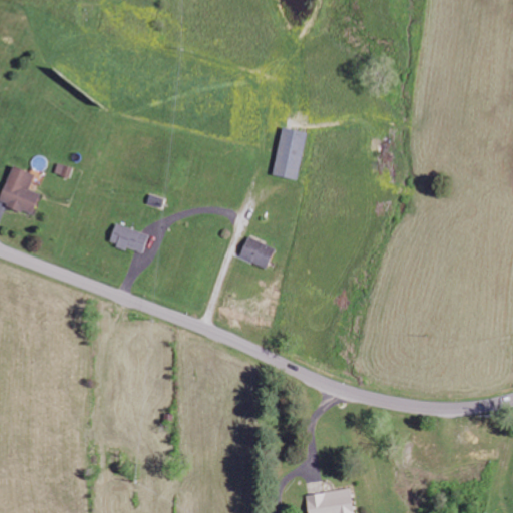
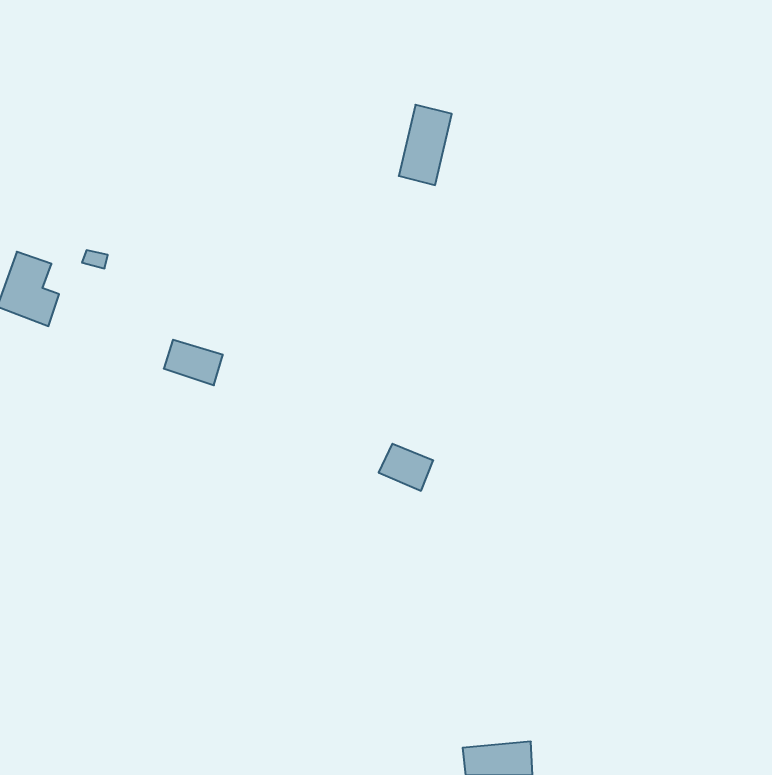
building: [272,127,307,180] -> [399,105,452,185]
building: [238,237,275,269] -> [379,444,433,491]

